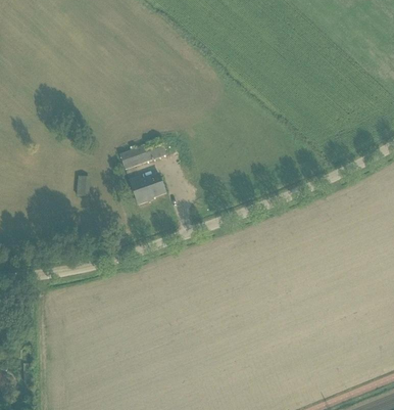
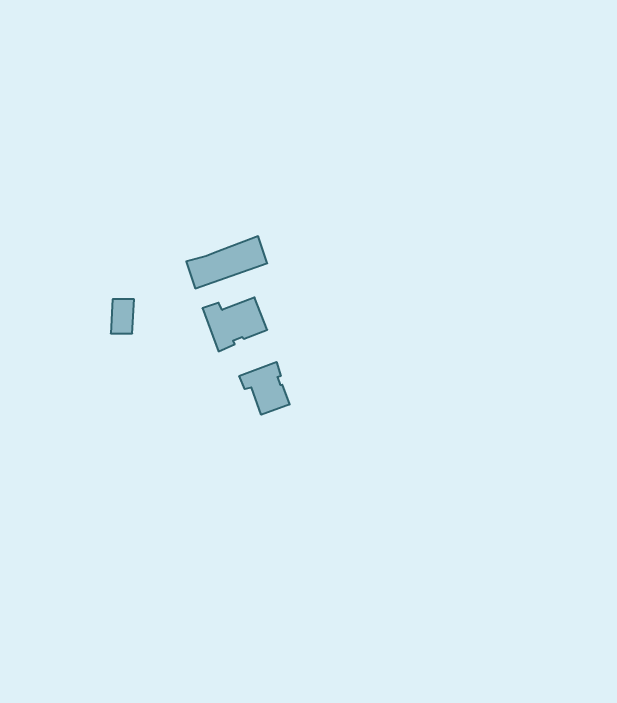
building: none -> [239,362,290,415]

